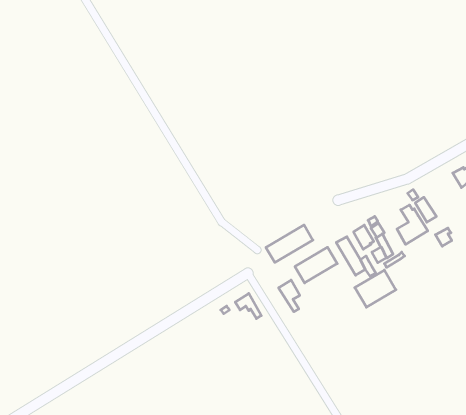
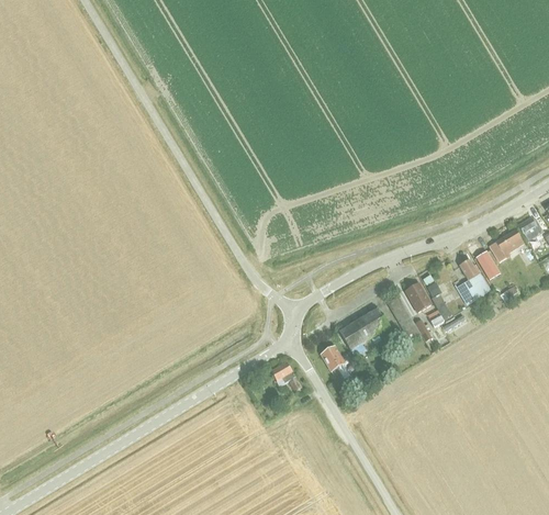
building: none -> [489,229,522,260]
building: [266,225,313,262] -> none
building: [355,270,396,307] -> none

